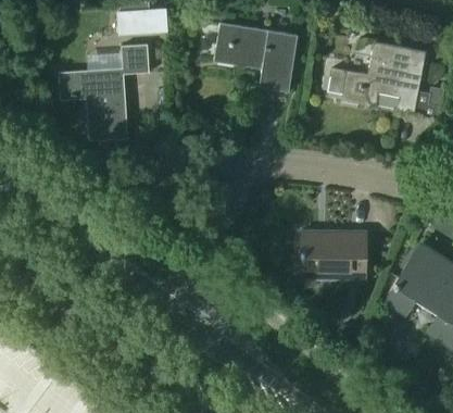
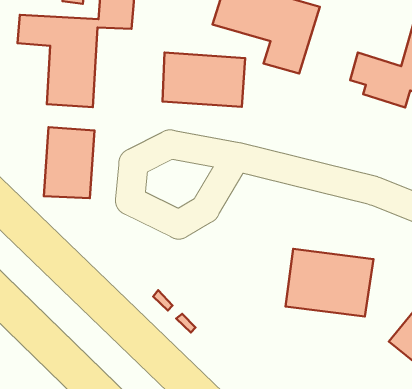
building: none -> [163,53,245,107]
building: none -> [44,127,95,198]

